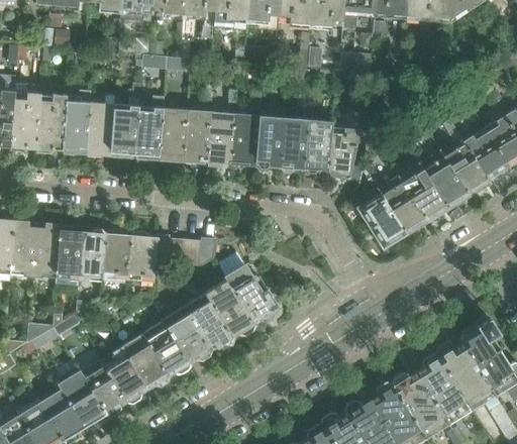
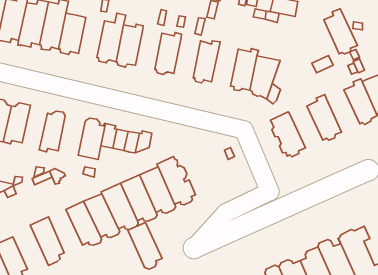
building: [110,108,136,158] -> none
building: [182,110,209,164] -> none
building: [230,114,257,169] -> none
building: [278,117,305,173] -> none
building: [421,151,467,207] -> [324,9,357,54]
building: [379,178,424,232] -> none
building: [55,225,82,287] -> none
building: [101,229,129,279] -> none
building: [100,347,146,404] -> [128,223,162,269]
building: [57,370,108,427] -> none

